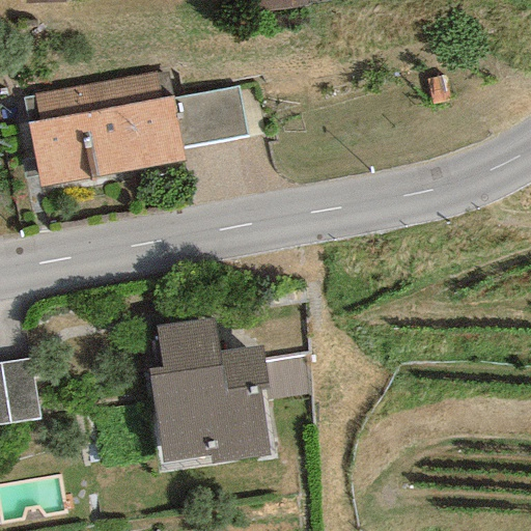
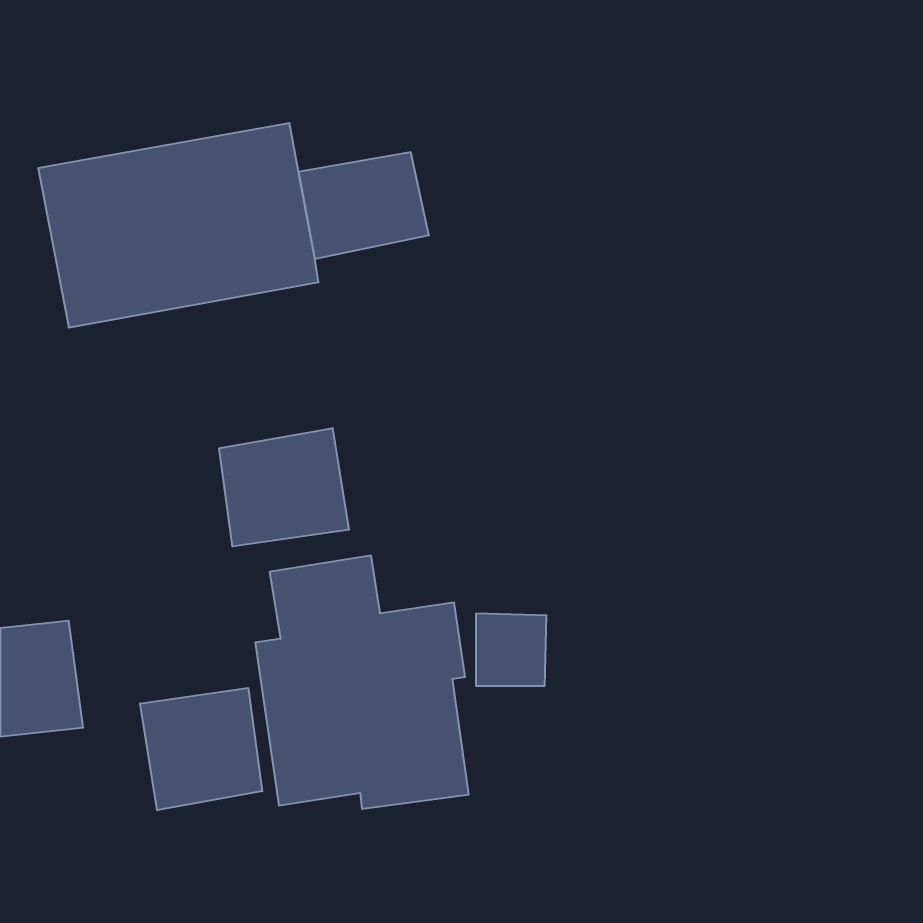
building: none -> [219,428,349,547]
building: none -> [140,688,262,810]

